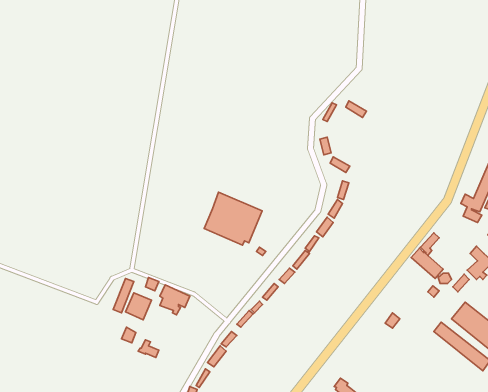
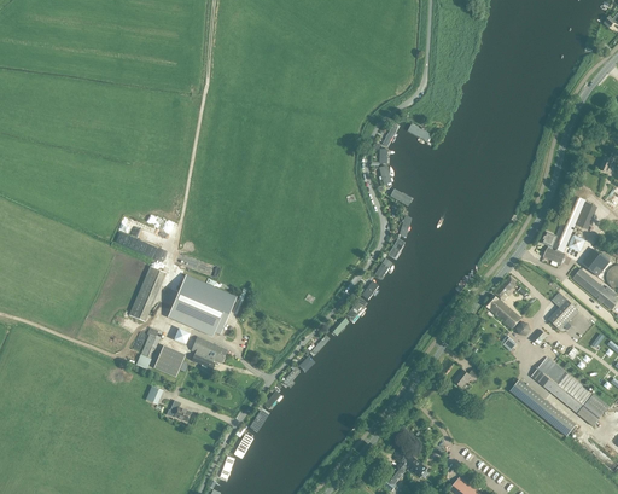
building: [204,192,262,245] -> [168,274,235,336]
building: none -> [128,266,164,320]

